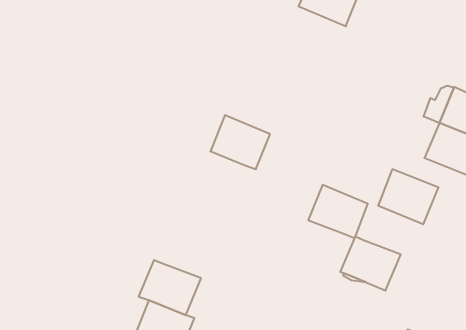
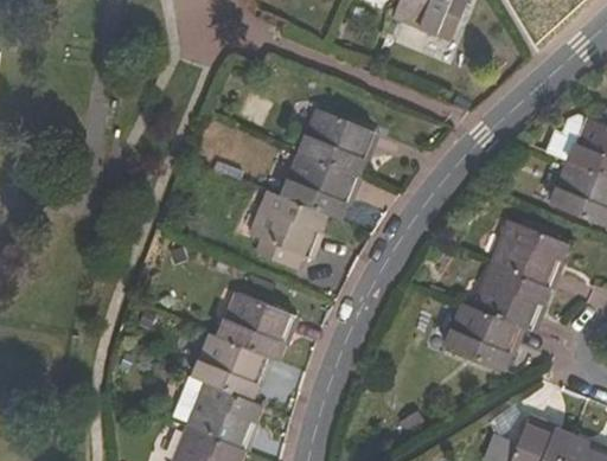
building: none -> [299,107,373,174]
building: none -> [249,190,325,268]
building: [308,185,368,238] -> [473,263,548,329]
building: none -> [219,292,293,358]

